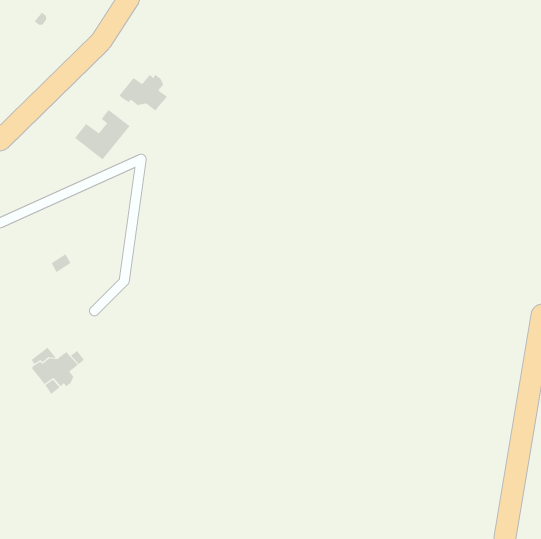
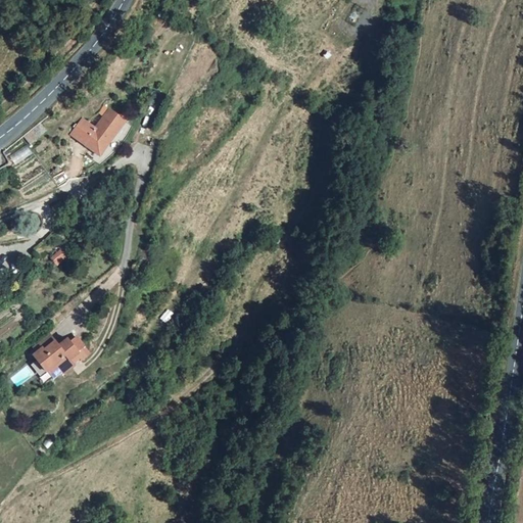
building: [119,74,168,111] -> none

